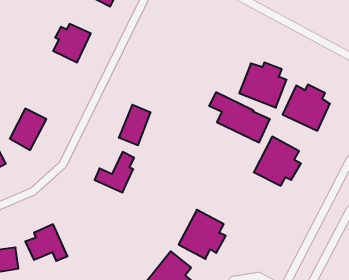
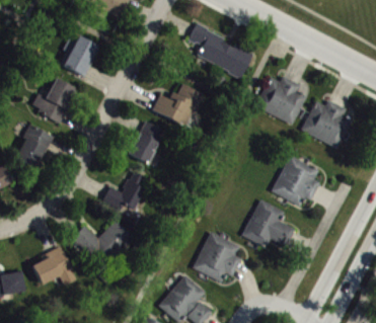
building: none -> [31,79,77,123]
building: none -> [152,85,201,127]
building: [209,92,270,142] -> [190,25,253,78]
building: none -> [242,199,295,248]
building: none -> [72,221,134,269]

